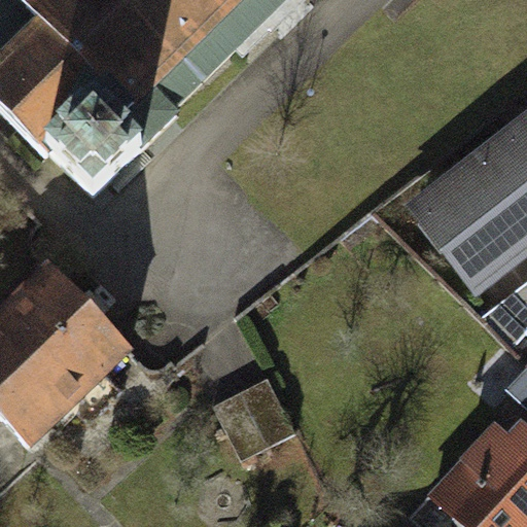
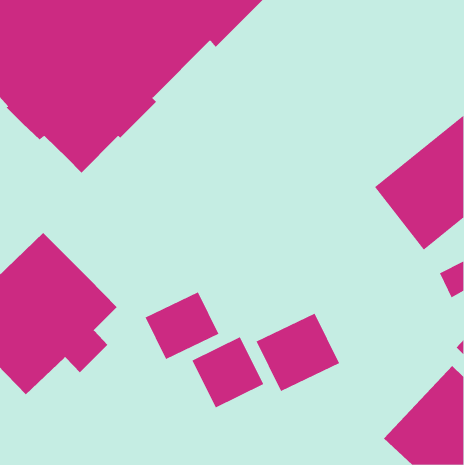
building: none -> [145,291,219,360]
building: none -> [256,313,340,392]

